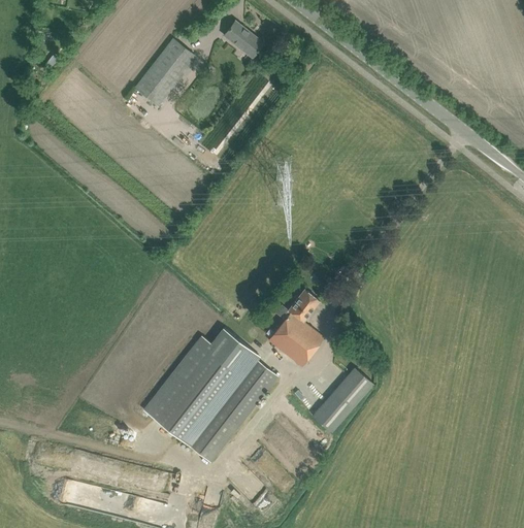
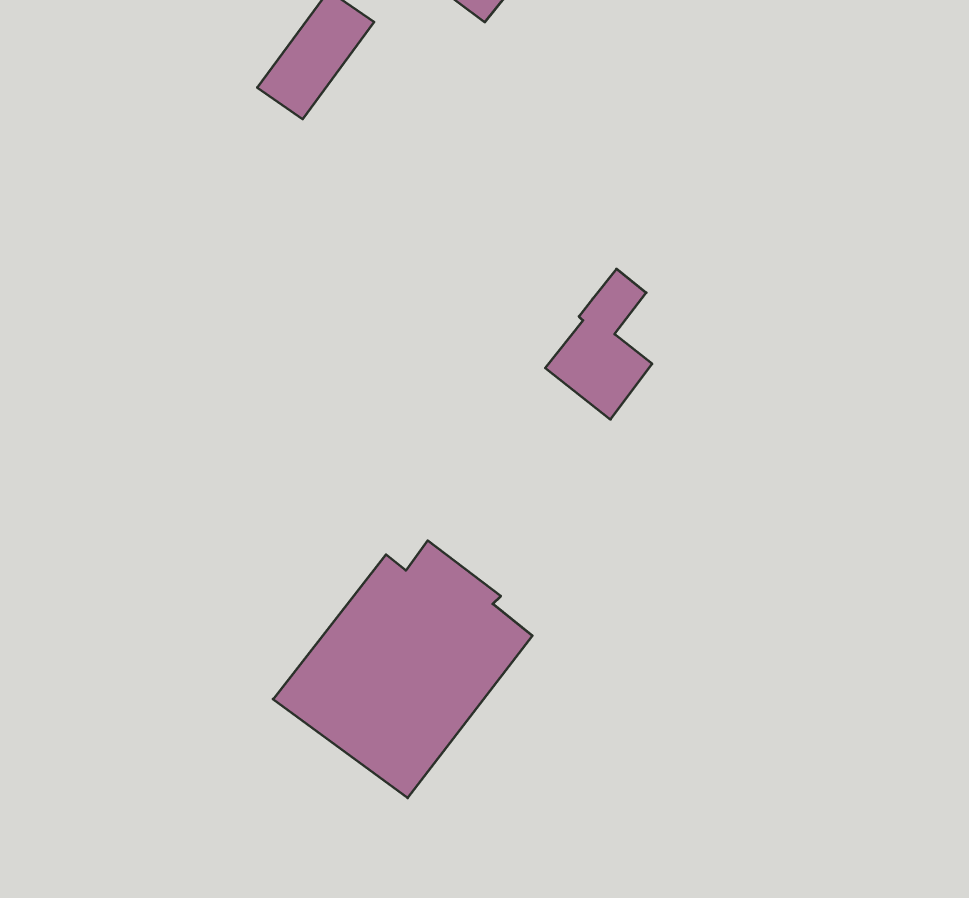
building: [268,289,324,367] -> [545,269,652,419]
building: [312,367,374,432] -> none

